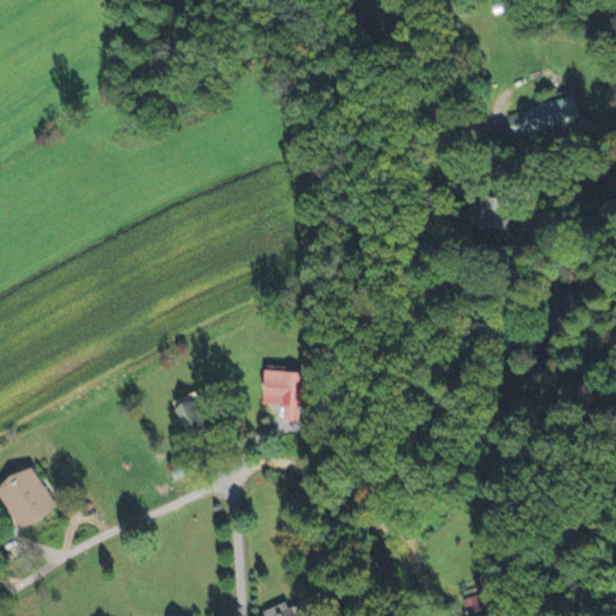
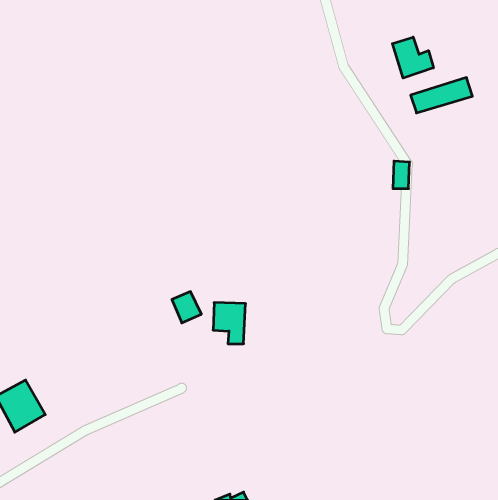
building: none -> [392,37,433,78]
building: [174,398,211,437] -> [172,292,201,323]

